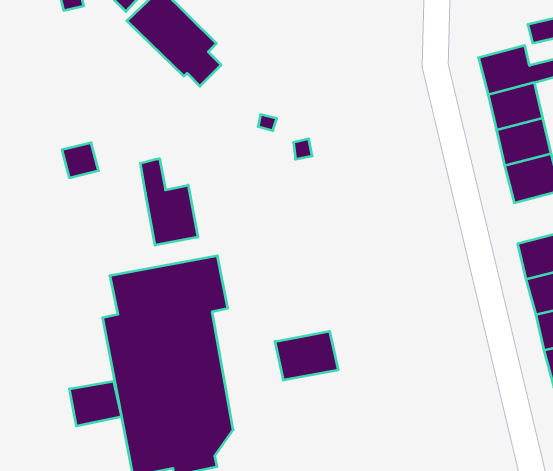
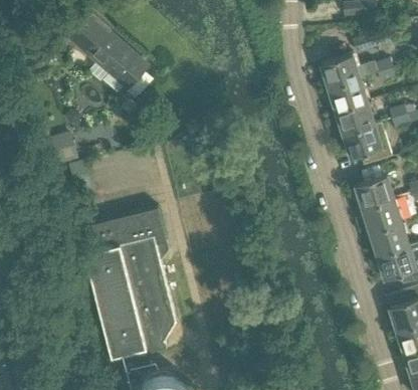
building: [140,159,198,245] -> none
building: [275,331,338,380] -> none
building: [69,381,121,426] -> none

